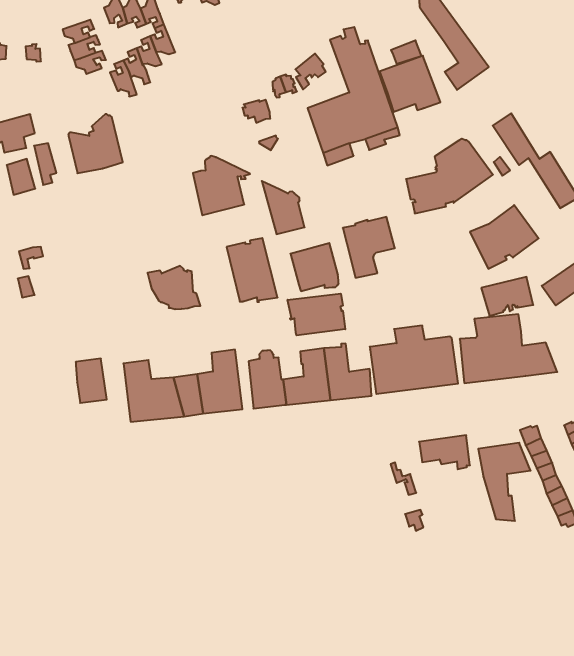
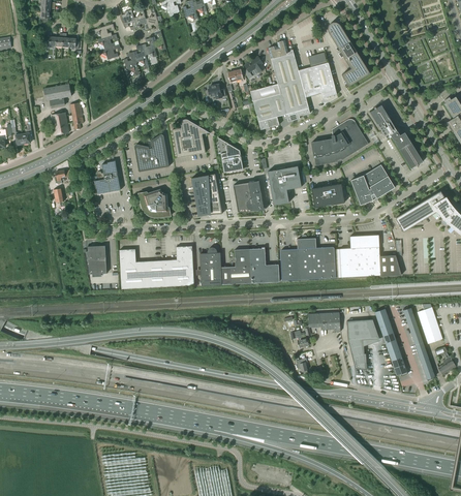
building: [68,114,123,173] -> [135,132,170,169]
building: none -> [94,159,121,192]
building: [481,277,533,316] -> [311,183,344,207]
building: [288,294,345,335] -> none

